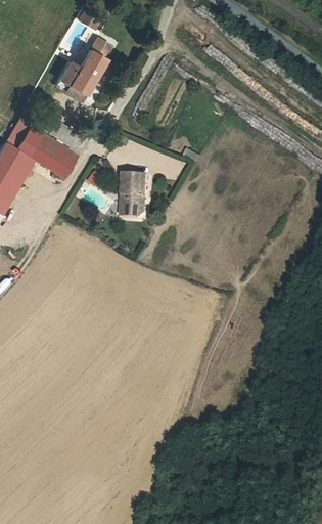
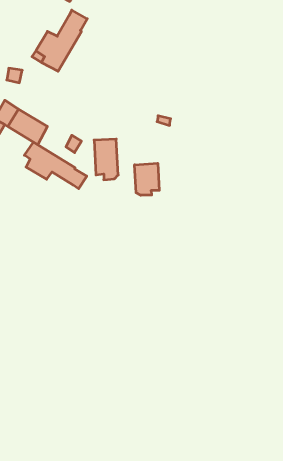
building: none -> [24,142,87,189]
building: none -> [135,163,159,195]

